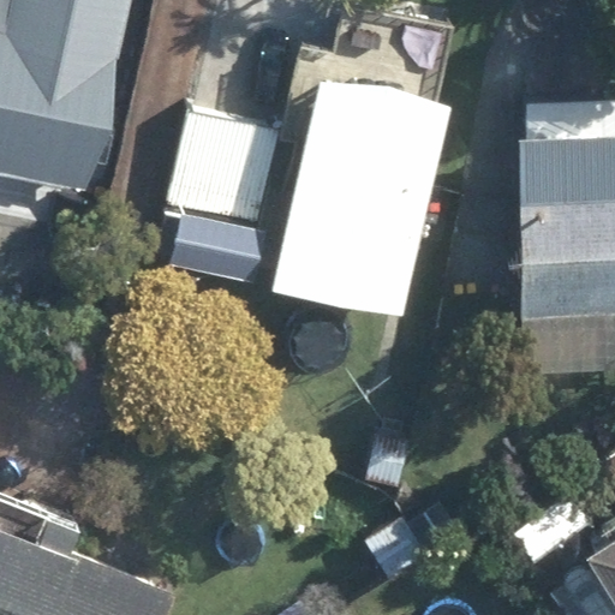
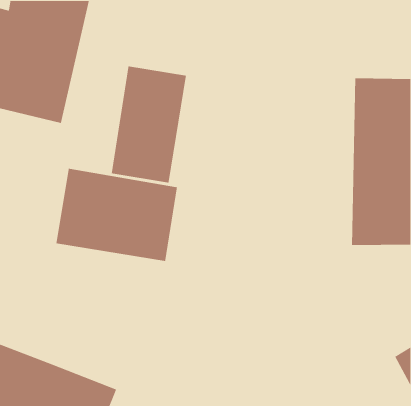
building: [276,66,449,311] -> none
building: none -> [56,168,178,262]

